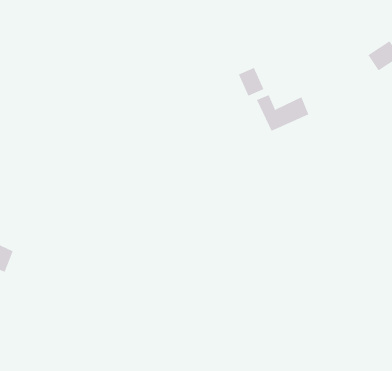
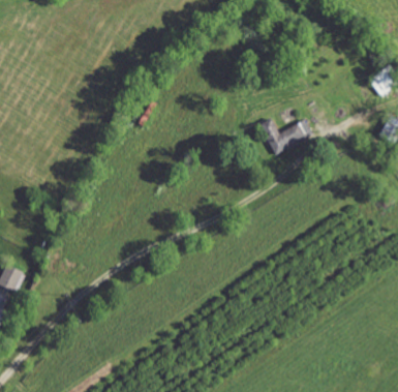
building: [238,67,264,97] -> none

